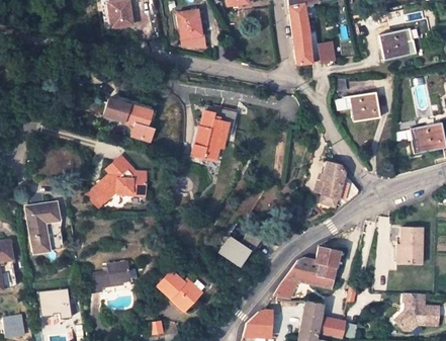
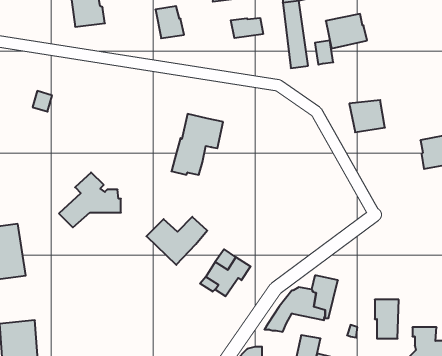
building: none -> [231,18,263,38]
building: [379,29,416,60] -> [326,14,367,48]
building: [97,99,153,141] -> none
building: [320,162,358,206] -> none
building: [400,229,422,263] -> [375,300,399,339]
building: [89,261,128,292] -> none
building: [157,268,210,311] -> [146,217,207,265]

